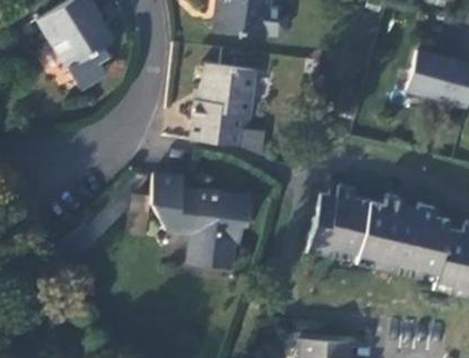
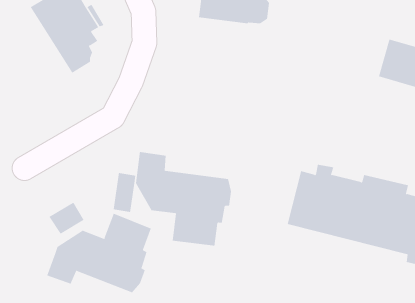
building: [190,64,266,156] -> none
building: none -> [46,213,151,293]

